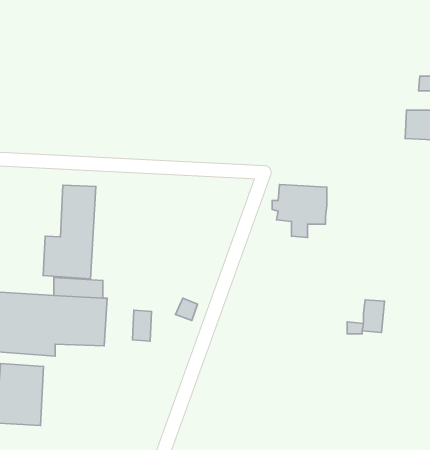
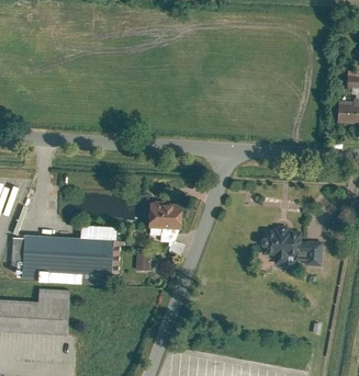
building: [272,184,327,238] -> [259,226,300,265]
building: [43,185,96,279] -> none
building: none -> [144,204,181,229]

